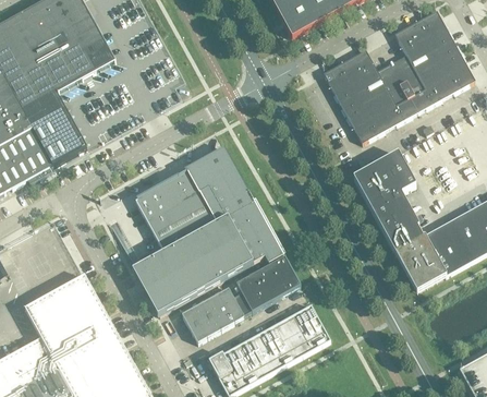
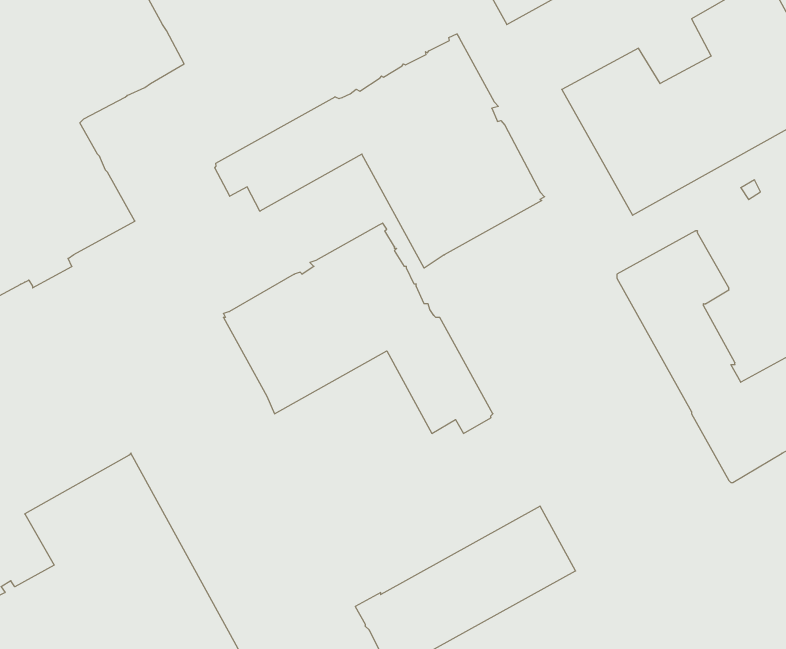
building: none -> [215,34,545,268]
building: [129,218,253,315] -> none
building: [182,257,300,342] -> none

